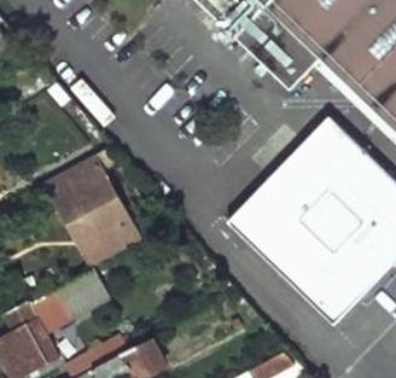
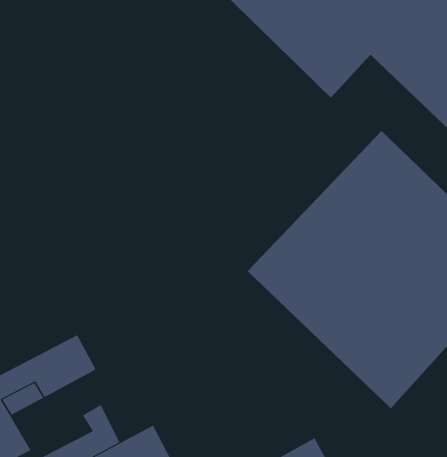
building: [47,151,142,267] -> none

